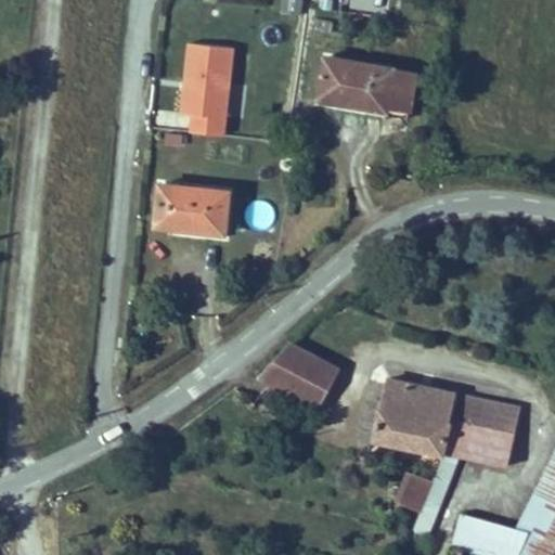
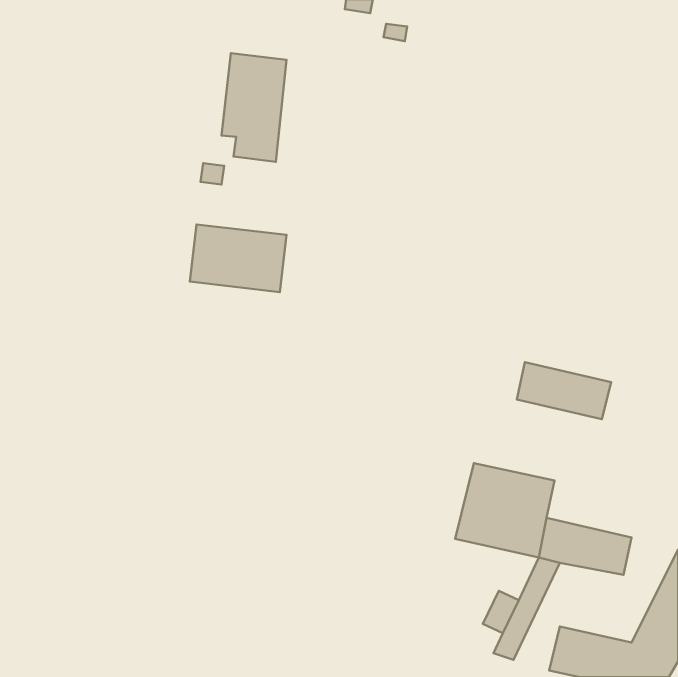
building: [318,55,417,117] -> none
building: [261,345,347,412] -> none
building: [447,392,524,439] -> [517,362,611,419]

